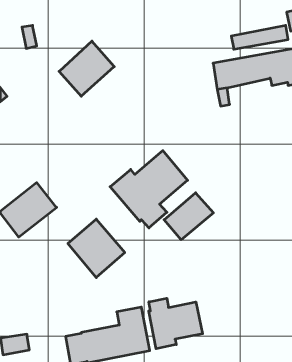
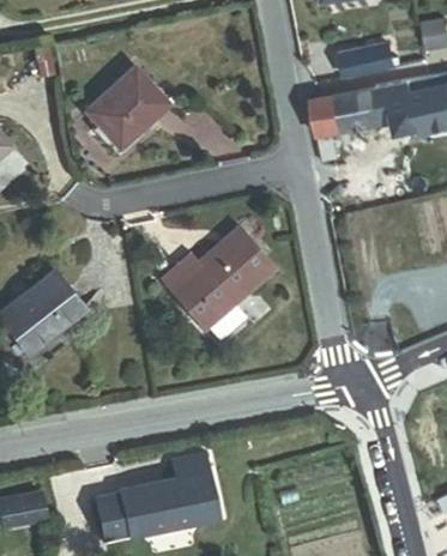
building: [164,193,213,240] -> none
building: [68,219,125,278] -> none
building: [149,298,203,349] -> none

